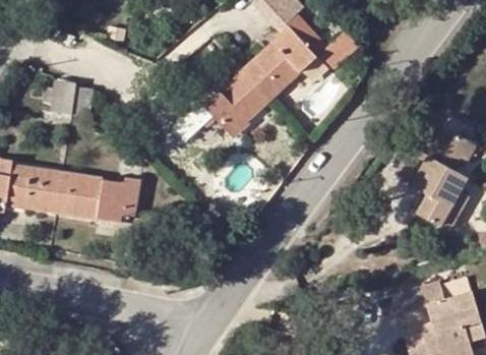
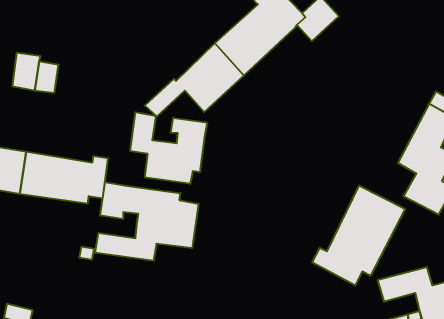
building: none -> [130,112,207,184]
building: none -> [95,182,198,261]
building: none -> [312,186,405,285]

